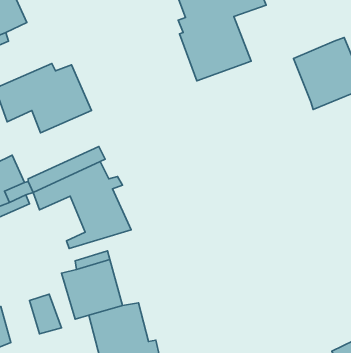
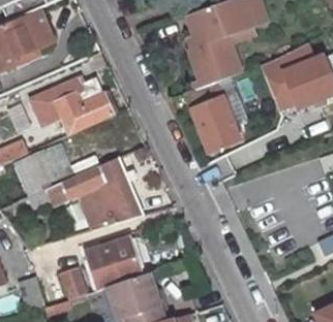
building: none -> [261,42,314,112]
building: none -> [186,94,243,157]

